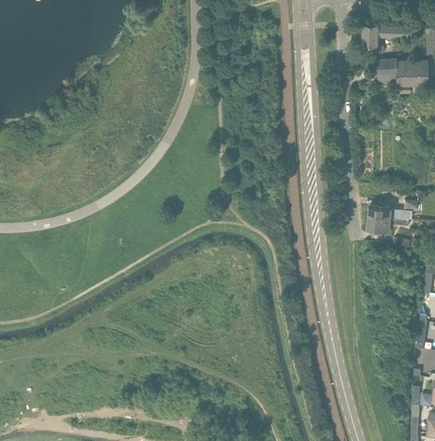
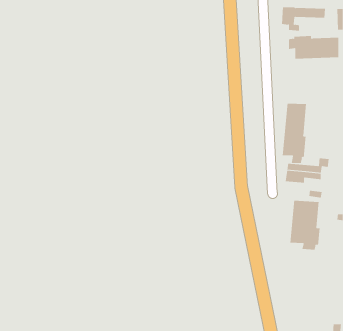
building: none -> [282,103,307,164]
building: none -> [290,200,320,250]

